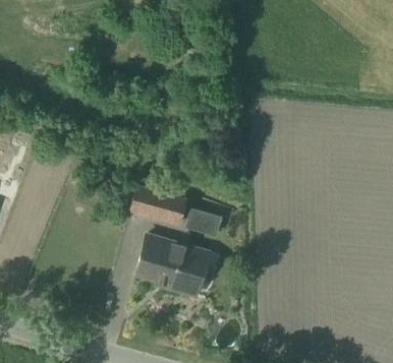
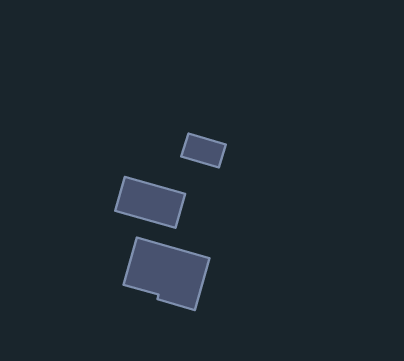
building: [184,207,222,236] -> [181,134,226,168]

